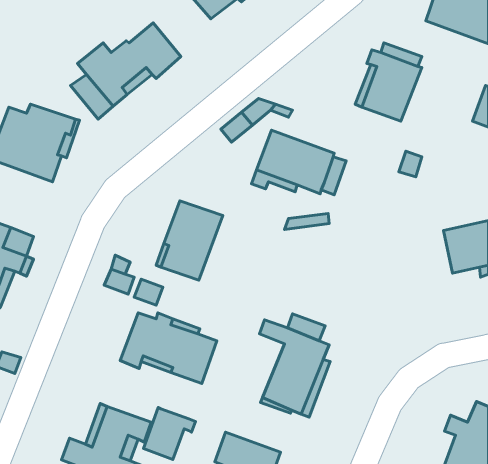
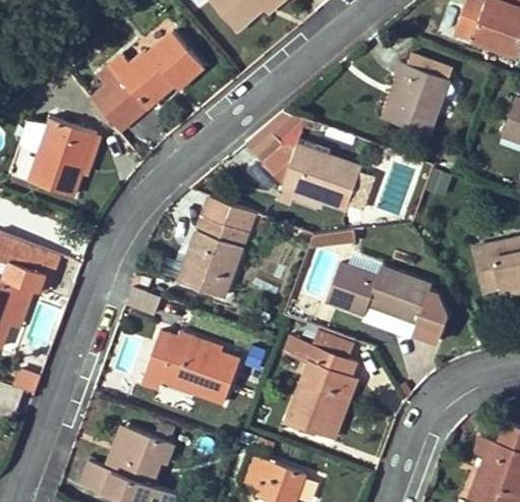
building: none -> [204,198,254,232]
building: none -> [327,264,449,341]
building: [144,407,195,460] -> none

